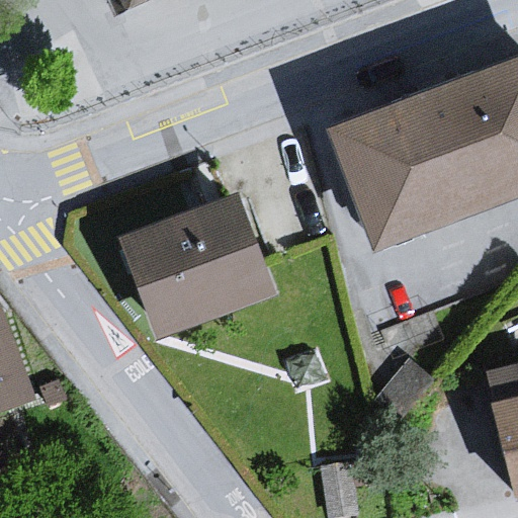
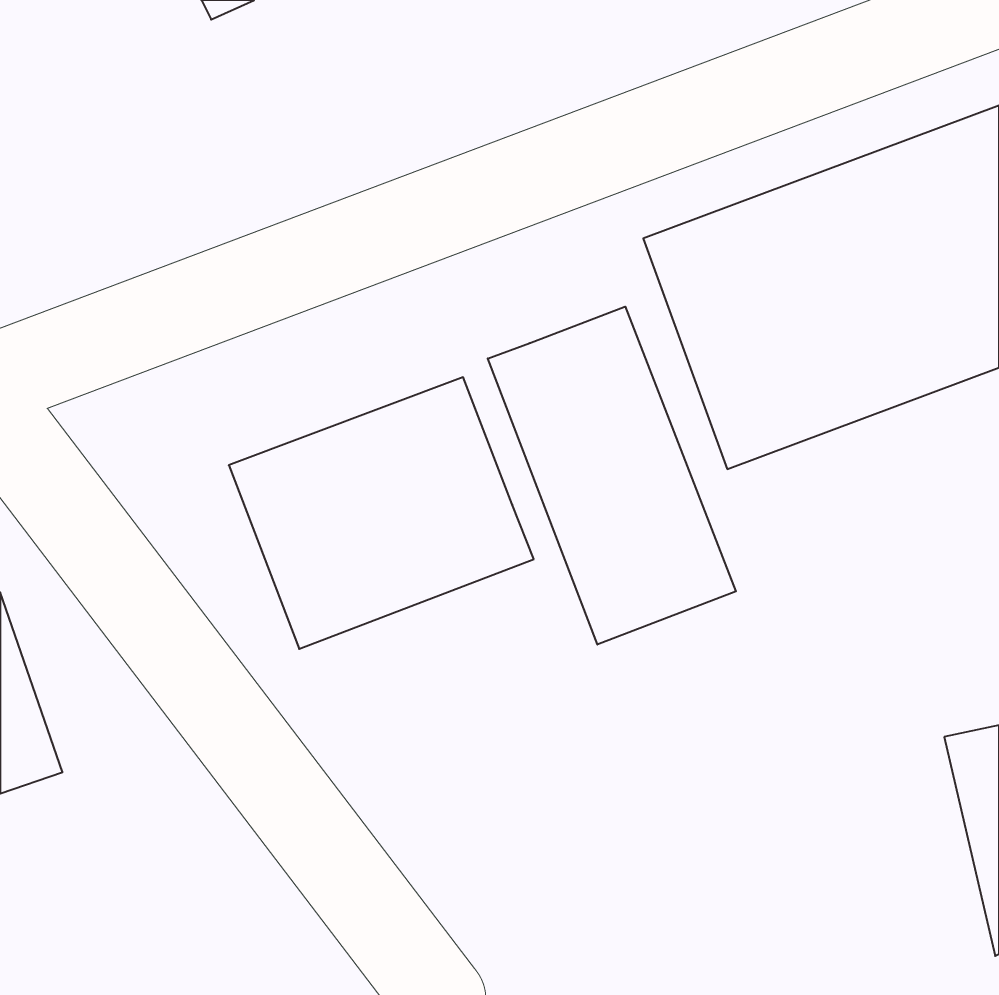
building: none -> [488,307,736,645]

